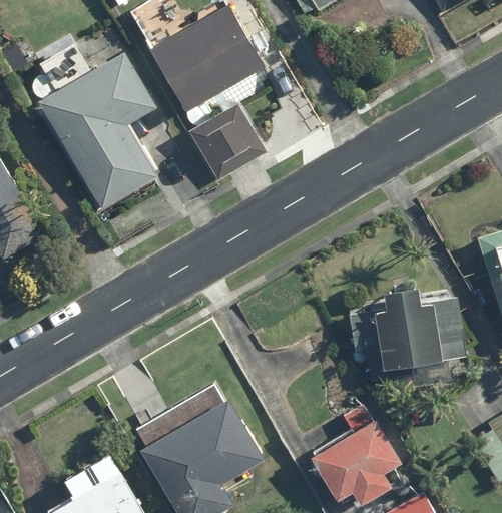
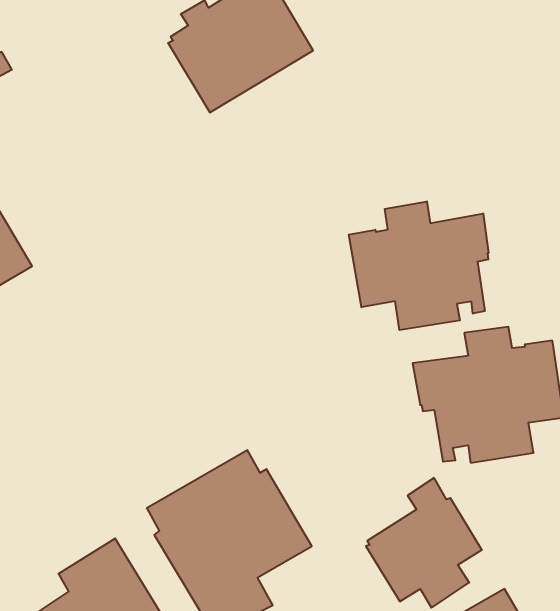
building: [38,52,157,211] -> none
building: [189,104,265,181] -> none
building: none -> [349,201,489,330]

